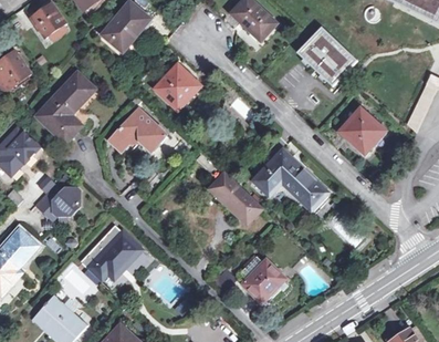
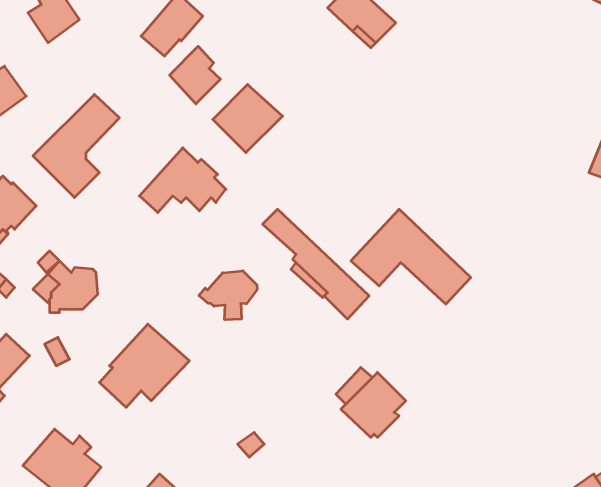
building: [299,30,357,91] -> none
building: none -> [170,46,220,104]
building: [339,111,385,156] -> none
building: none -> [199,271,257,320]

